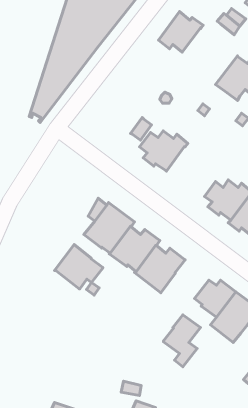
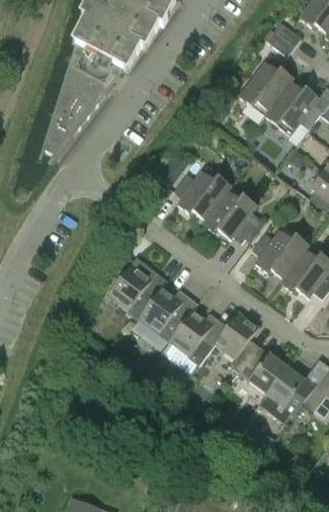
building: [159,12,203,52] -> [240,62,294,110]
building: none -> [202,190,256,242]
building: [55,245,103,289] -> none
building: [164,315,201,367] -> [216,310,260,372]

